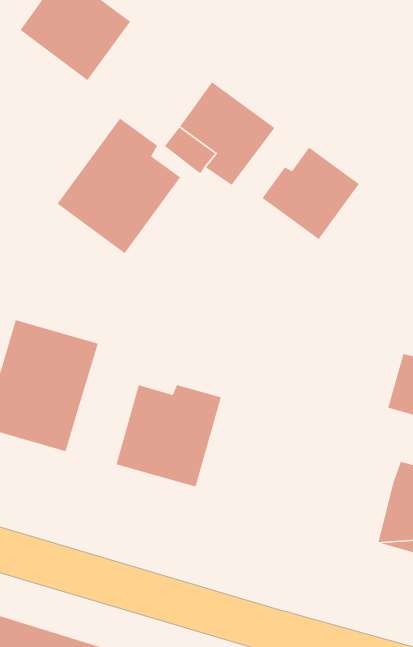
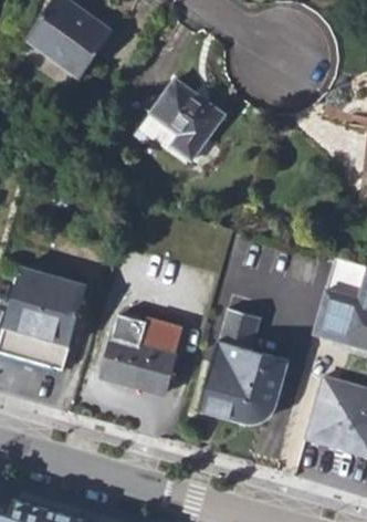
building: [57,117,181,254] -> none
building: [261,146,360,240] -> none
building: none -> [199,285,289,422]

